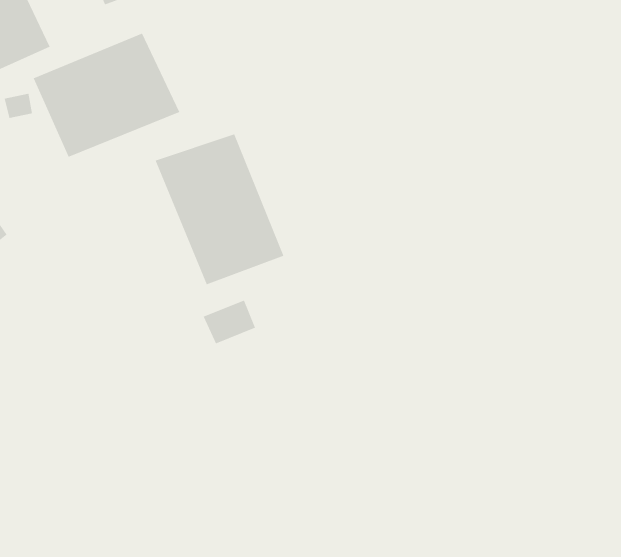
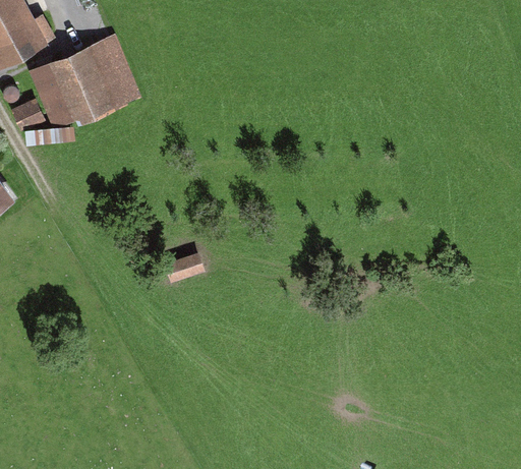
building: [155,133,284,285] -> none

